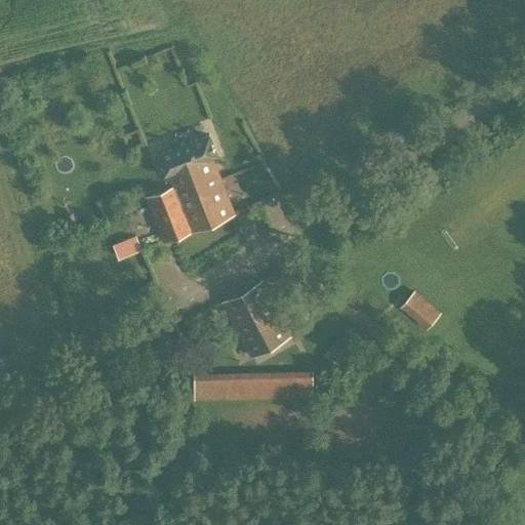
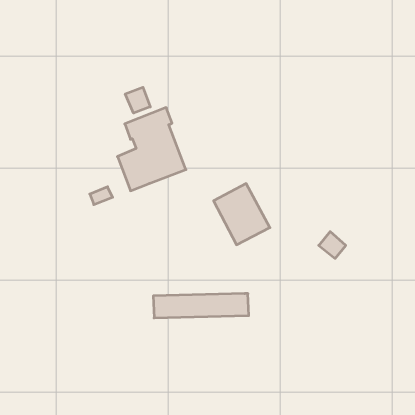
building: none -> [125,87,150,113]
building: [224,282,294,359] -> [214,184,270,245]

